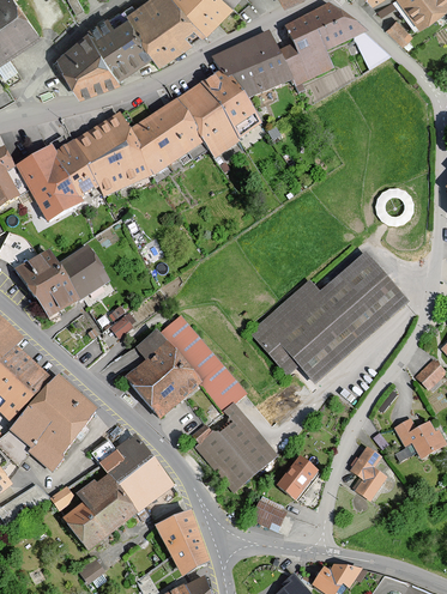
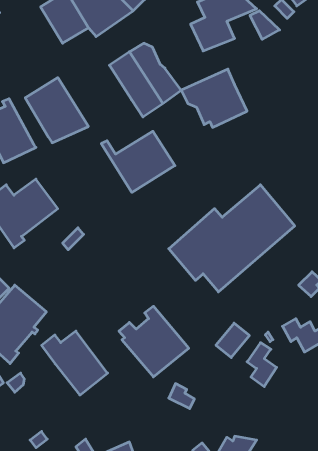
building: [56,28,122,90] -> none
building: [212,30,295,103] -> [181,69,247,127]
building: [113,101,205,177] -> [101,131,175,192]
building: [52,135,101,200] -> none
building: [125,314,244,420] -> none
building: [278,459,320,502] -> [216,323,249,358]
building: [62,474,140,553] -> none
building: [153,507,206,571] -> none

